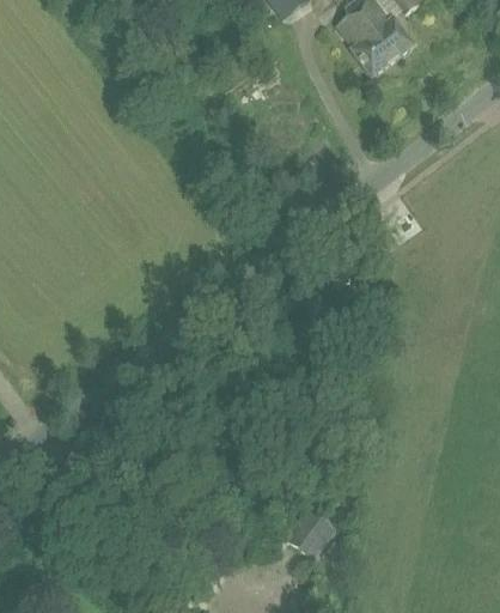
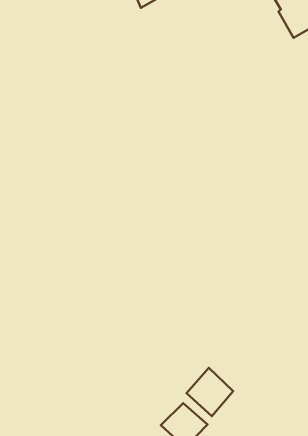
building: none -> [187,368,233,416]

